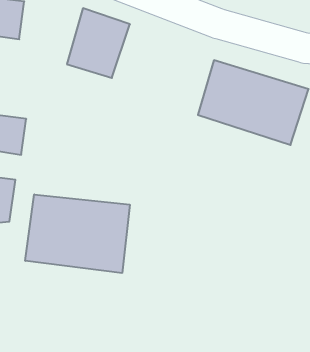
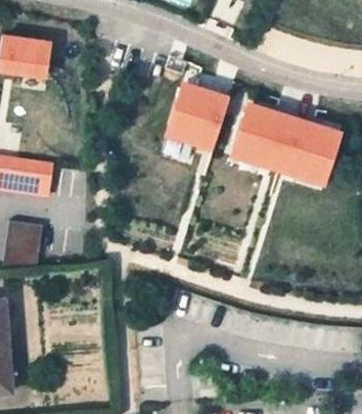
building: [67,8,130,78] -> [166,80,230,151]
building: [25,194,130,273] -> none

